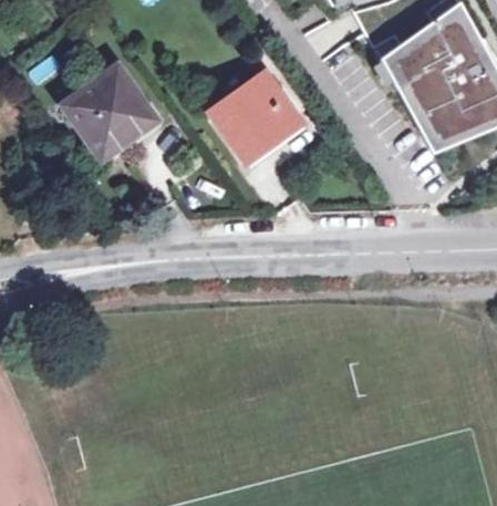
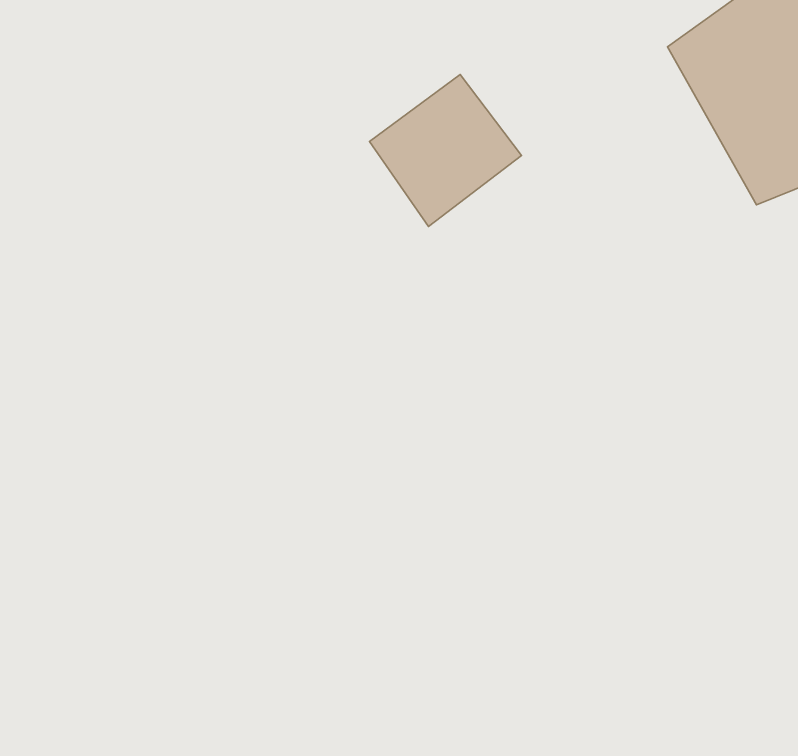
building: [64,68,158,159] -> none

